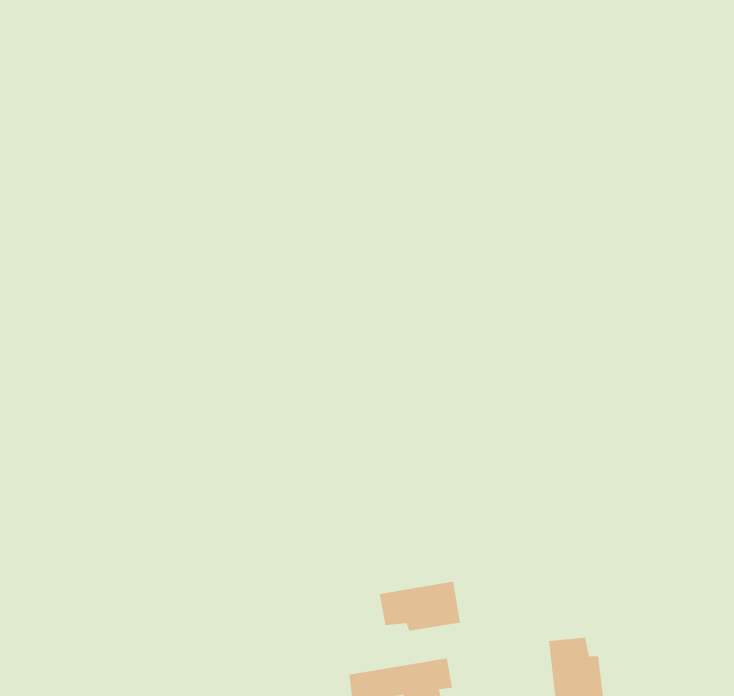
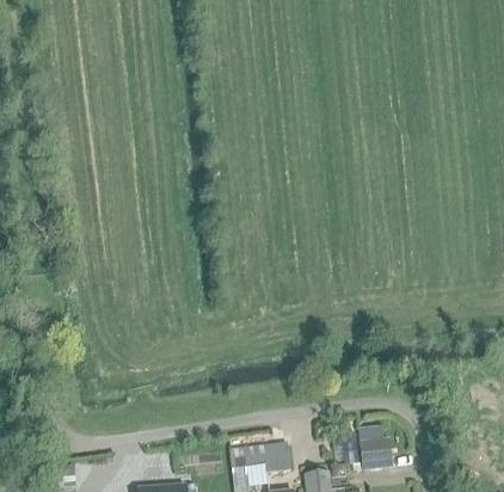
building: [379,581,461,632] -> none

